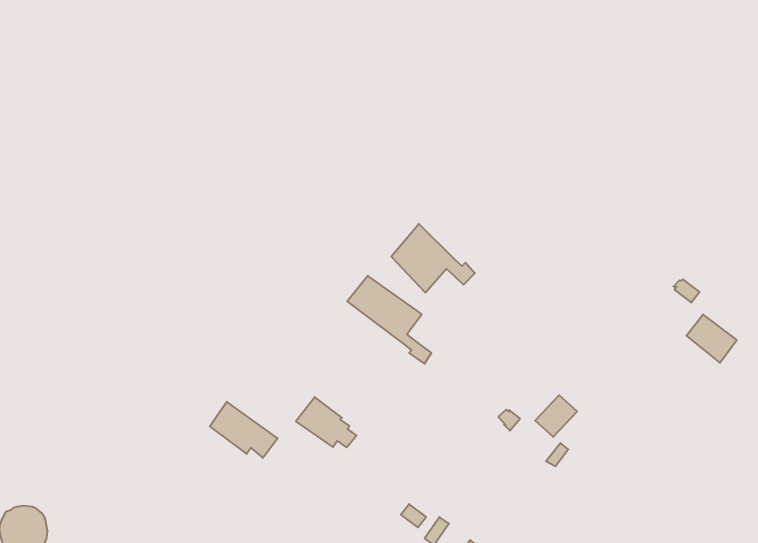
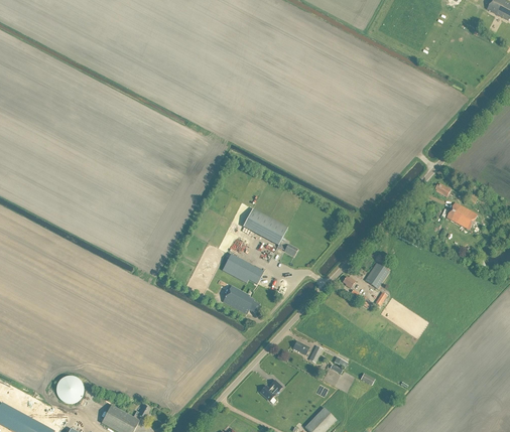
building: [391,224,475,293] -> none
building: [210,402,278,458] -> [222,254,263,284]

